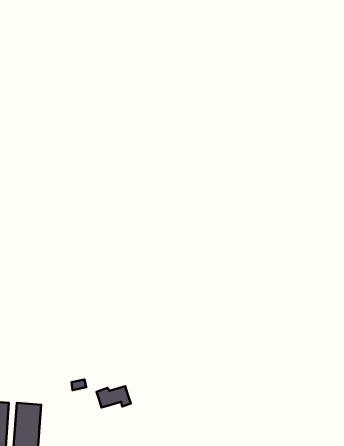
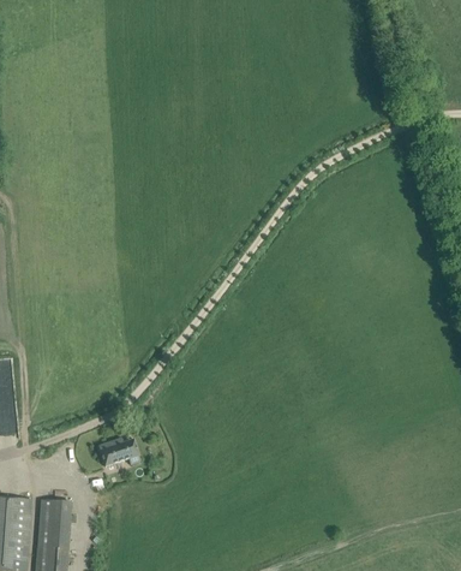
building: [97,386,131,408] -> [98,439,140,465]

